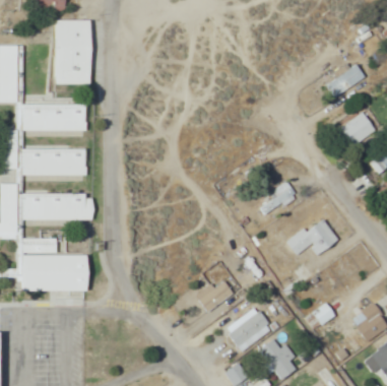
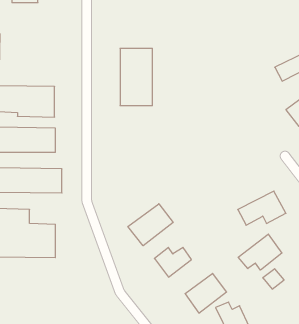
building: [55,21,90,84] -> [120,48,152,106]
building: [258,182,298,215] -> none
building: none -> [128,204,173,246]
building: none -> [238,234,282,270]

